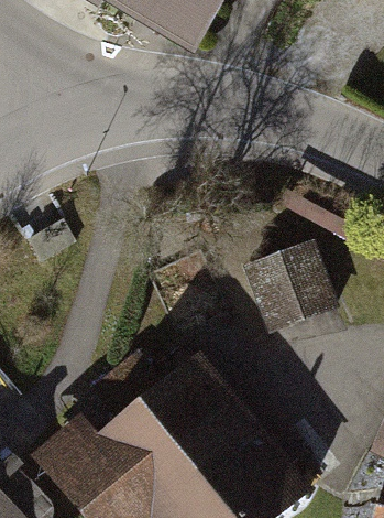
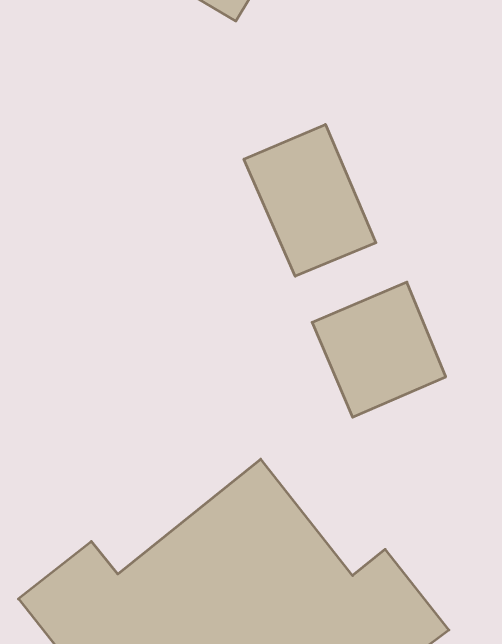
building: none -> [244,124,376,276]

